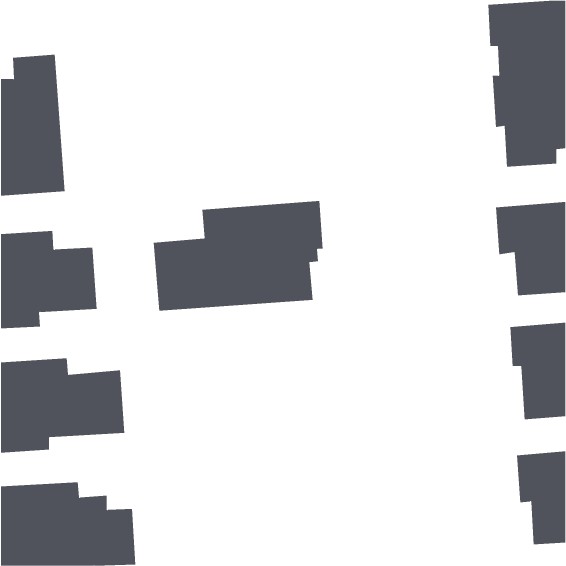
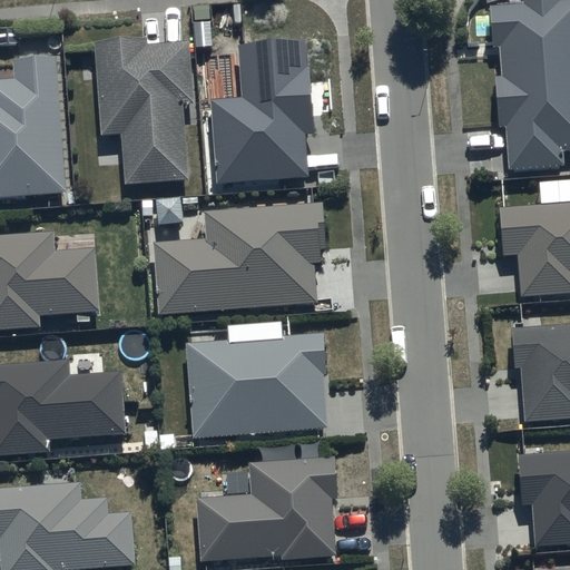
building: none -> [94,38,194,185]
building: none -> [209,40,313,184]
building: none -> [187,334,326,438]
building: none -> [195,456,338,562]

